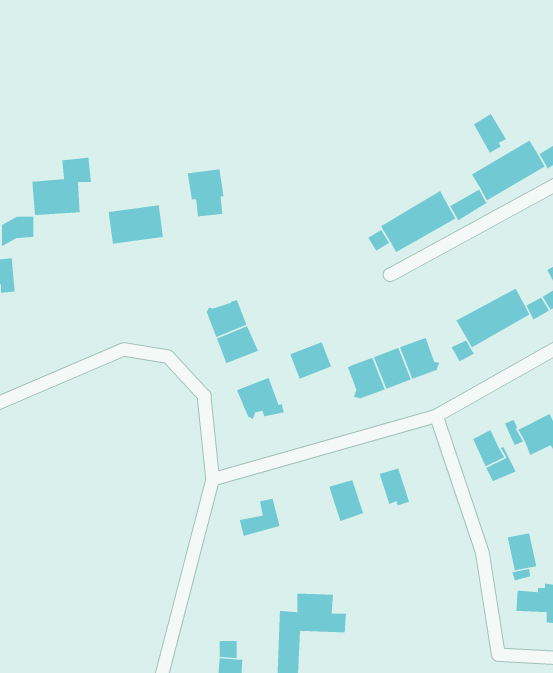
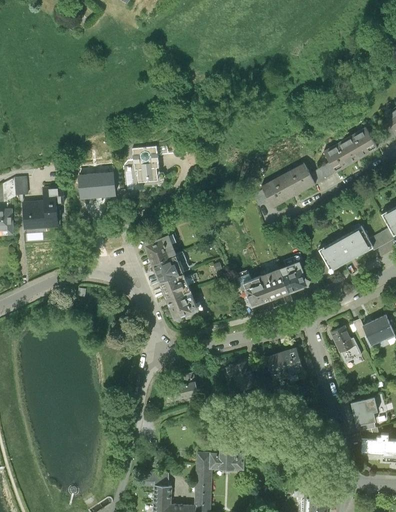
building: [473,113,507,154] -> none
building: [31,157,92,216] -> [21,185,63,226]
building: [289,341,332,380] -> [159,272,189,299]
building: none -> [279,348,302,377]

